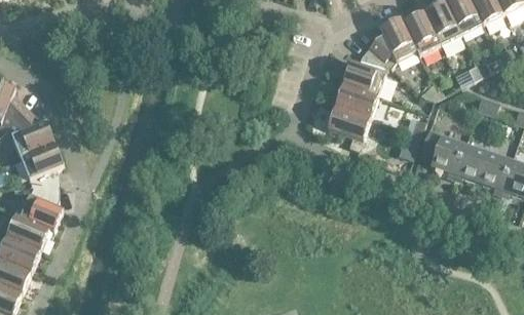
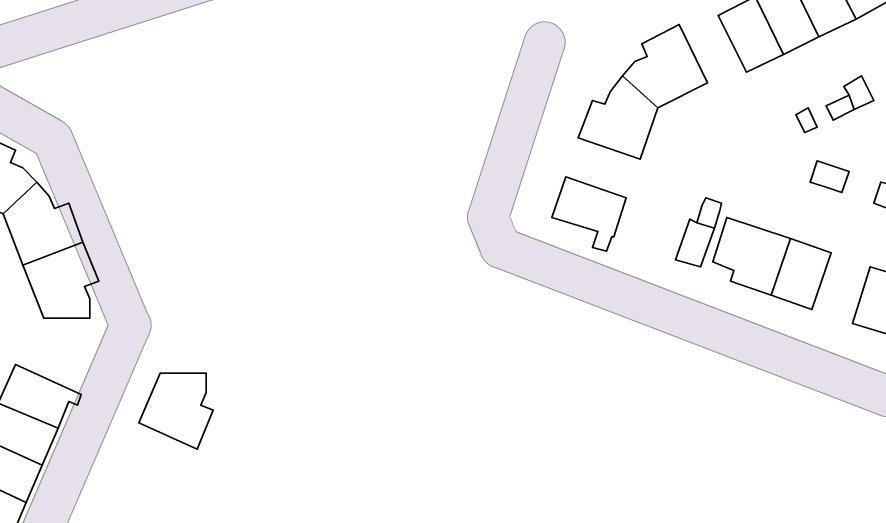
building: [400,11,439,54] -> none
building: [334,82,377,117] -> none
building: [477,149,511,190] -> none
building: [18,187,62,231] -> [139,373,213,449]

